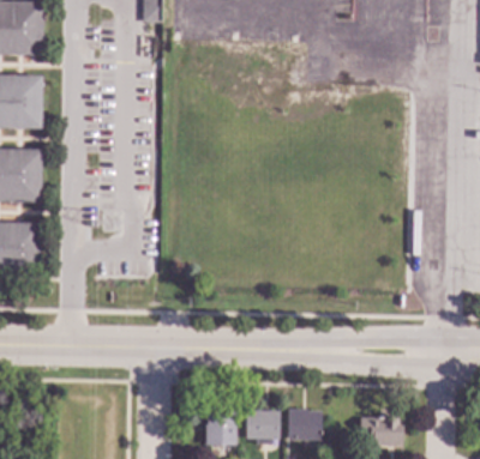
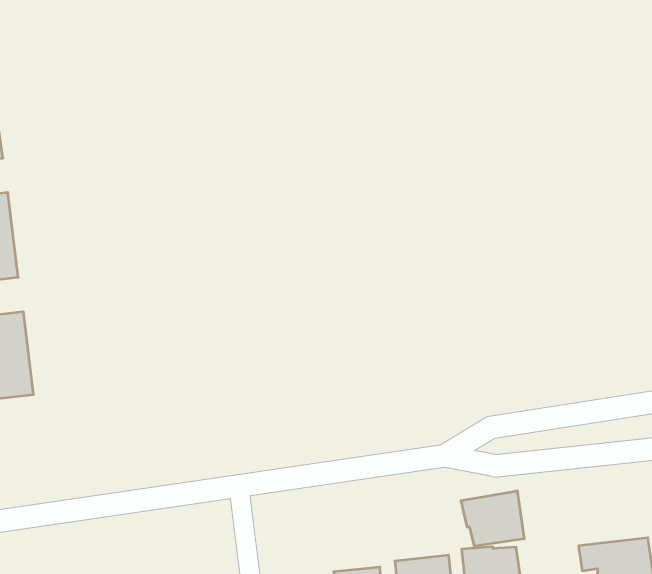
building: none -> [461,491,524,546]

